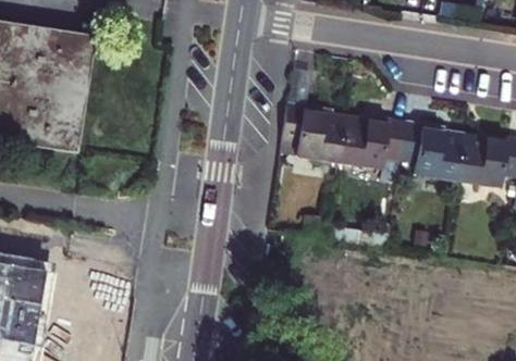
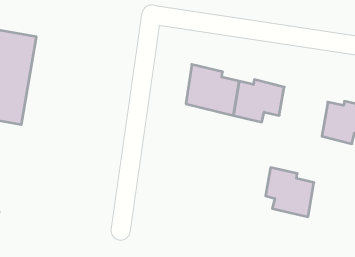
building: [408,116,471,180] -> [266,168,314,217]

